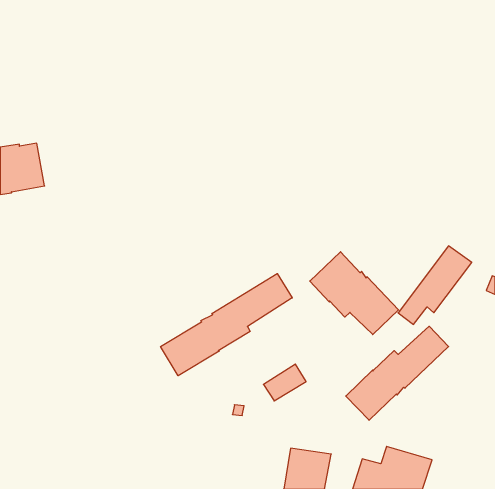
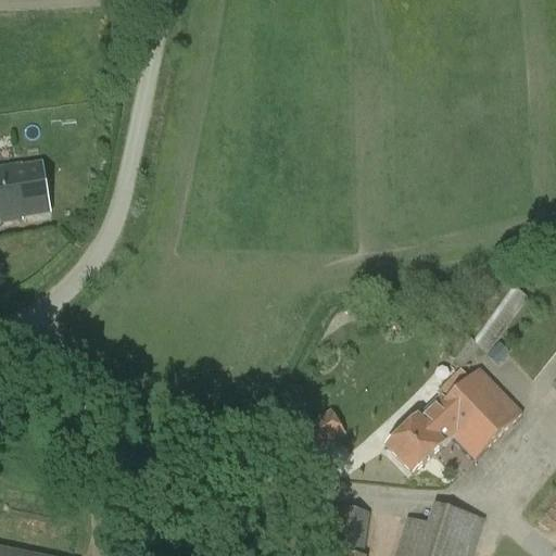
building: [310,252,399,335] -> none
building: [161,274,292,376] -> none
building: none -> [454,389,523,457]

